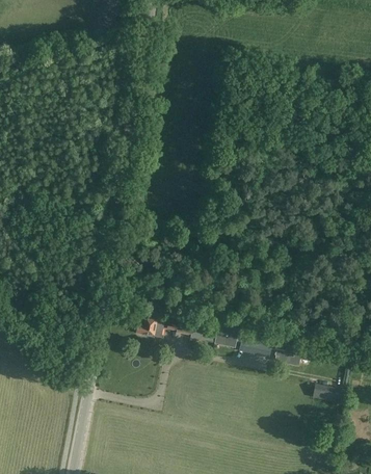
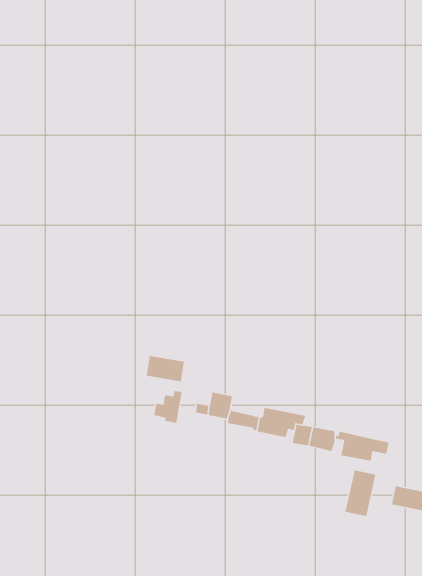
building: none -> [146,355,185,382]
building: none -> [345,469,376,517]

